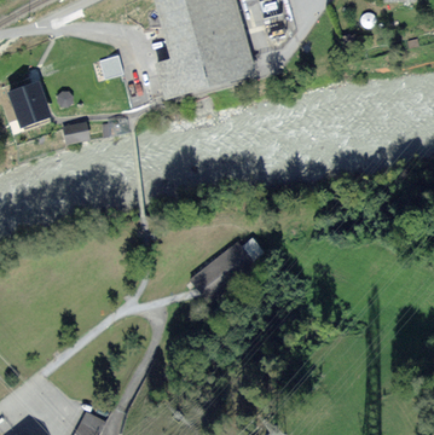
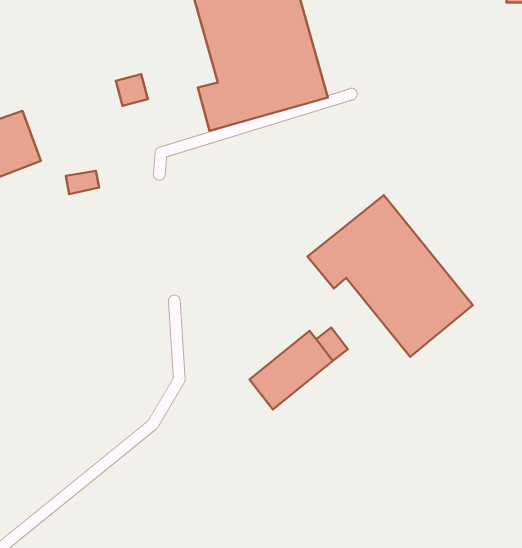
building: none -> [308,195,473,357]

